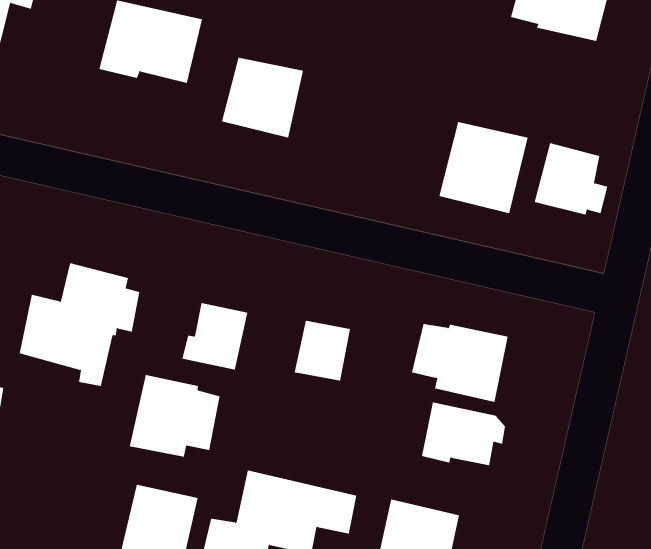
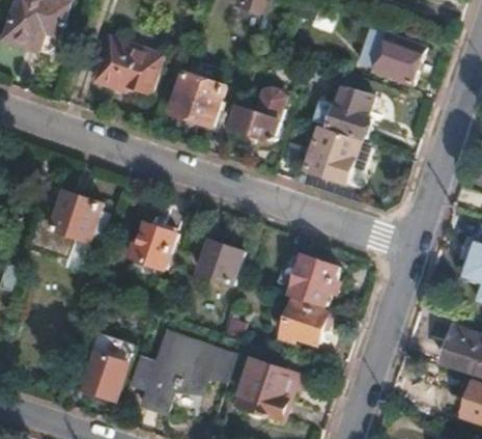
building: none -> [229,104,283,141]
building: [534,143,608,215] -> [328,90,375,138]
building: [129,374,220,458] -> none

